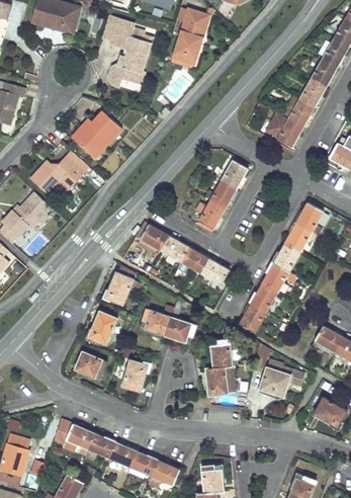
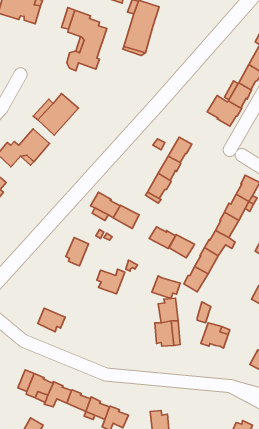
building: [181,247,209,273] -> [169,234,194,258]
building: [91,311,116,343] -> none
building: [164,317,195,342] -> [152,276,180,299]
building: [122,360,147,391] -> none

